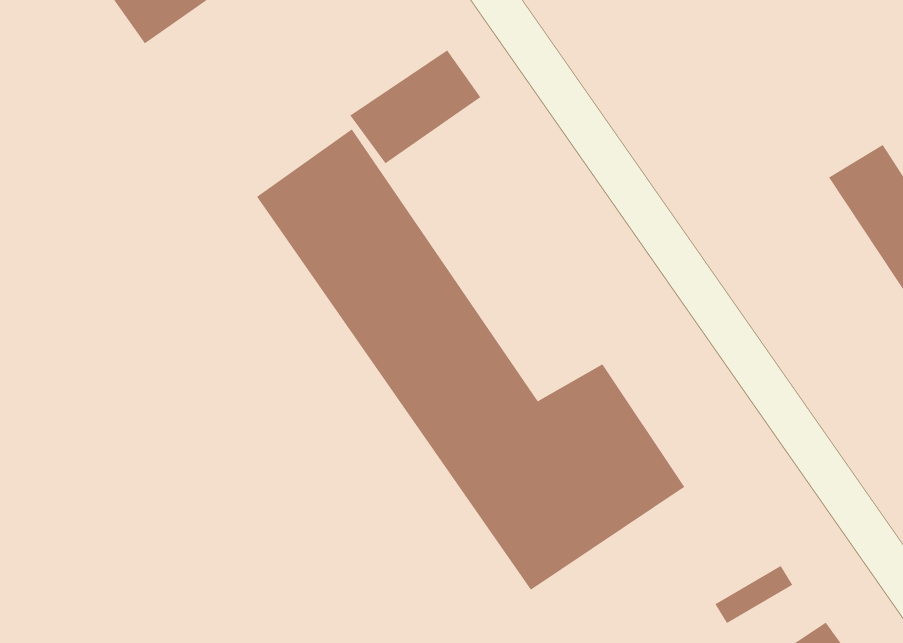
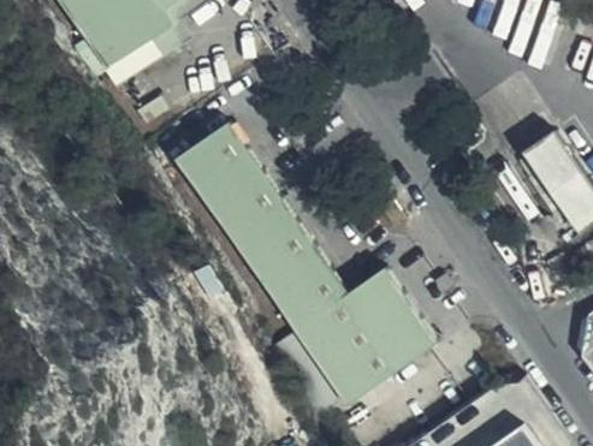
building: [350,49,481,164] -> none

